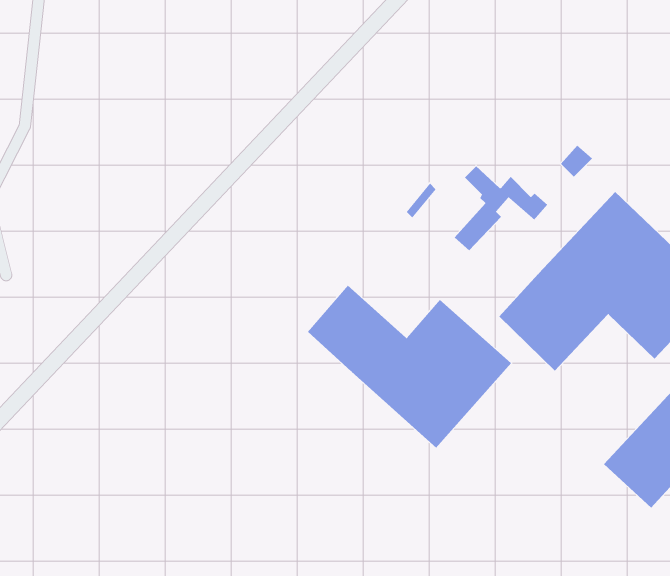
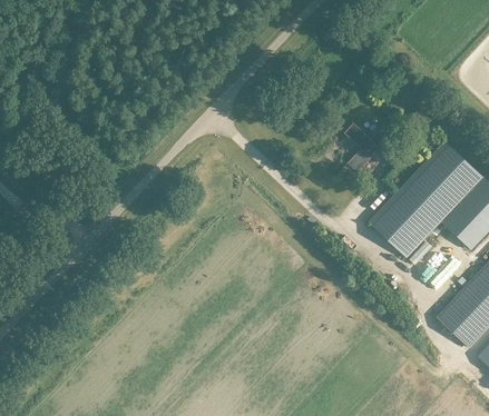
building: [307,285,512,448] -> none

